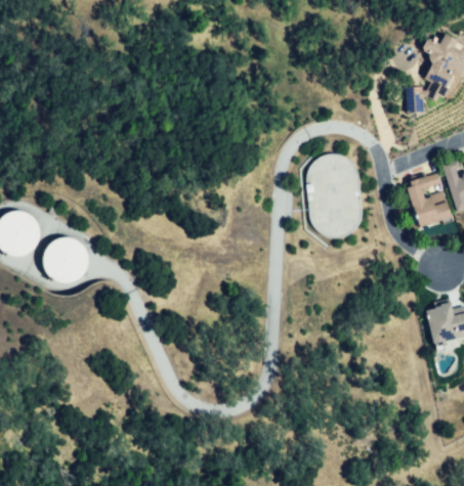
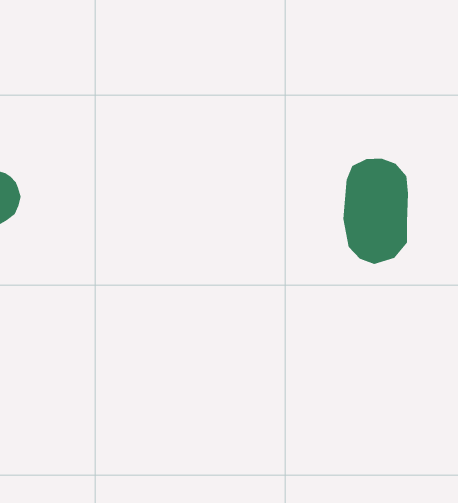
building: [39,234,87,283] -> none

